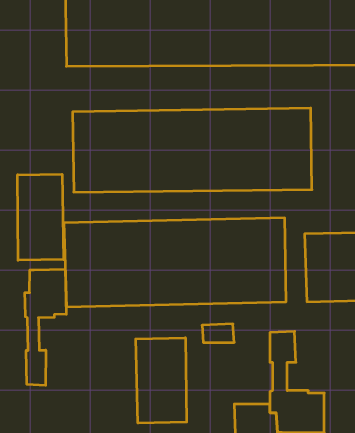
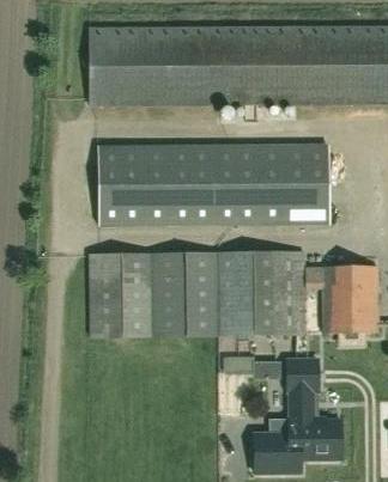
building: [18,174,64,260] -> none
building: [25,269,66,385] -> none
building: [136,338,187,423] -> none

